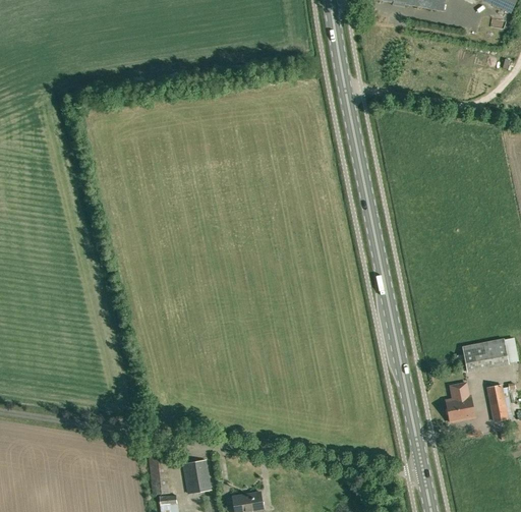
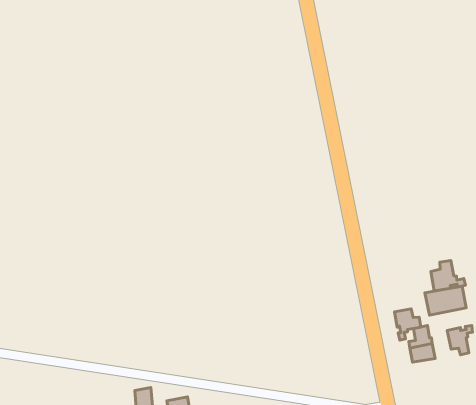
building: none -> [431,260,466,291]
building: none -> [395,309,421,340]

